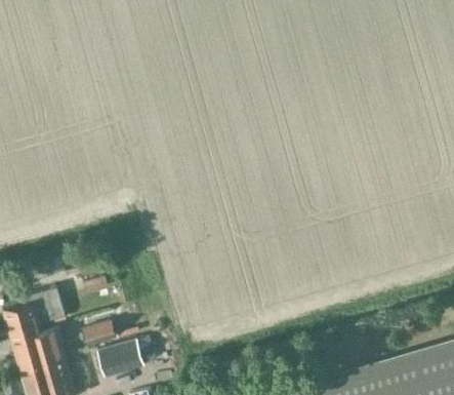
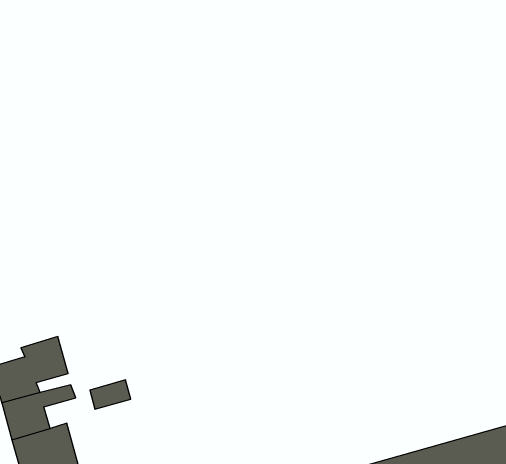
building: [97,344,145,381] -> none

